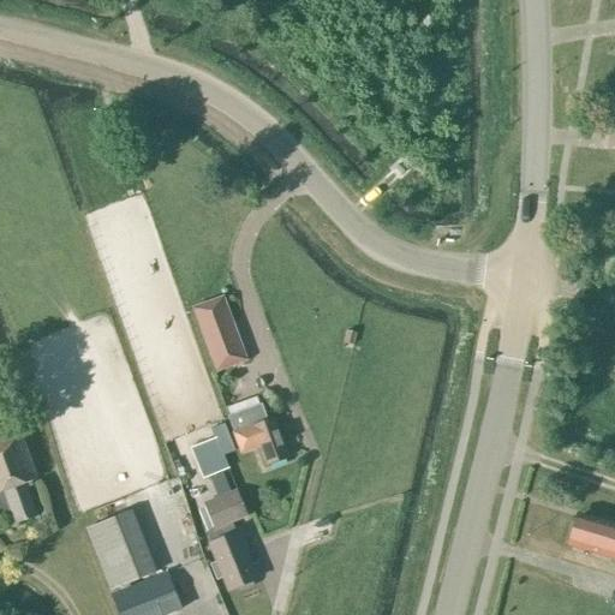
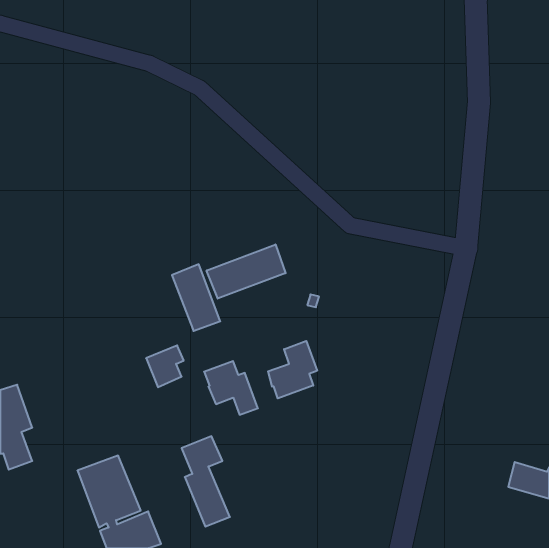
building: none -> [207,244,286,299]
building: none -> [268,341,317,398]
building: [190,432,232,479] -> [146,345,184,387]

